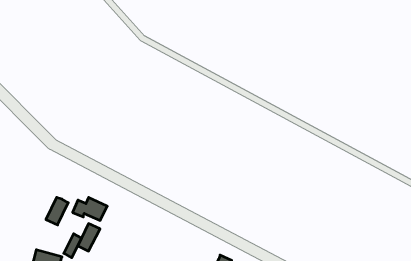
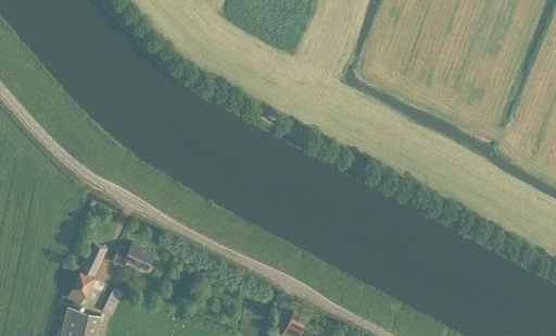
building: [78,224,100,251] -> [68,270,96,303]

